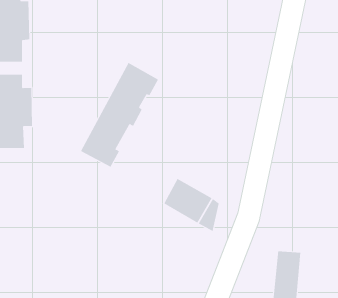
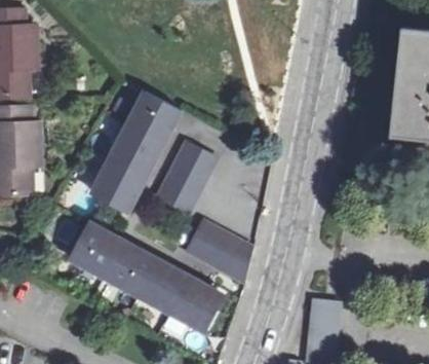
building: none -> [157,143,215,211]
building: none -> [68,221,220,330]

